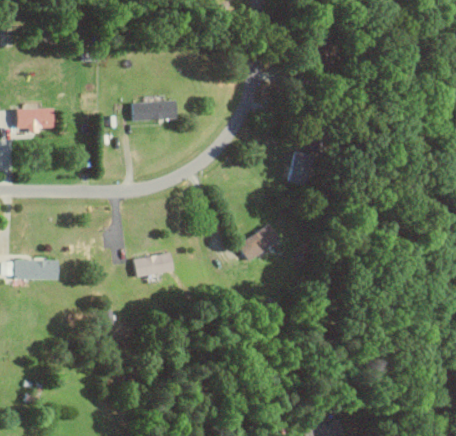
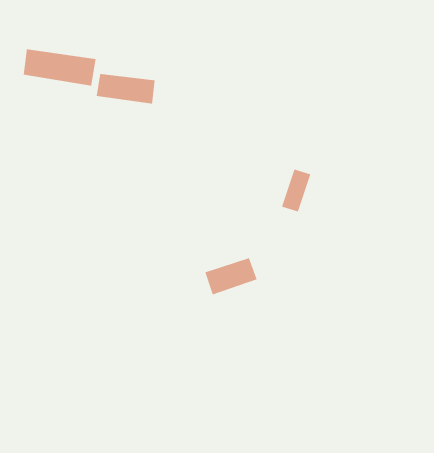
building: none -> [23,49,96,86]
building: [134,254,174,276] -> none

